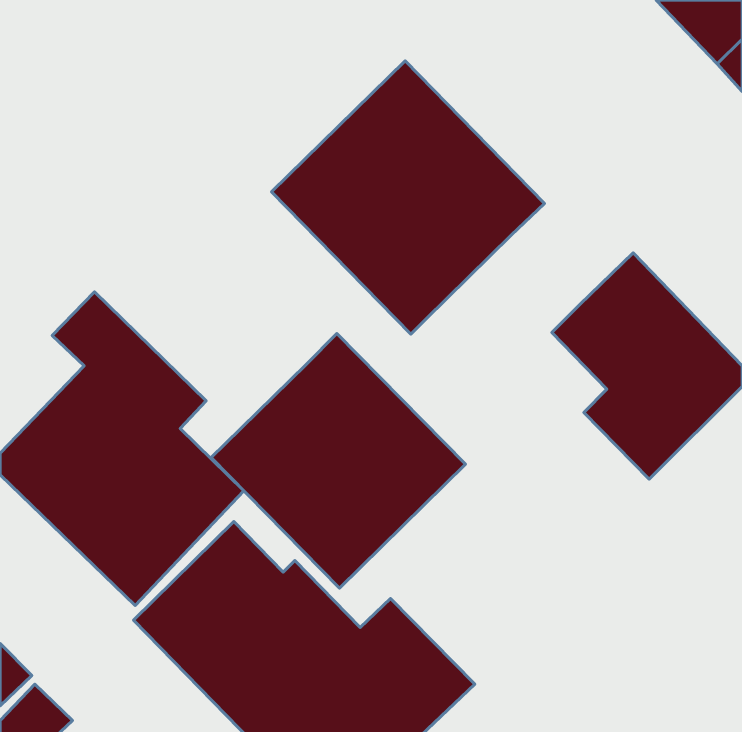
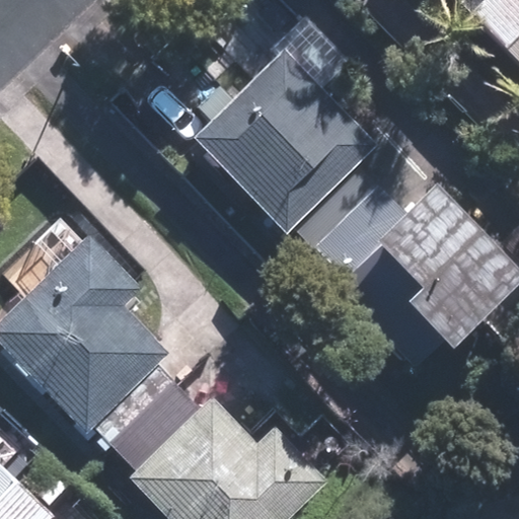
building: none -> [297,171,404,278]
building: [211,334,465,588] -> none

